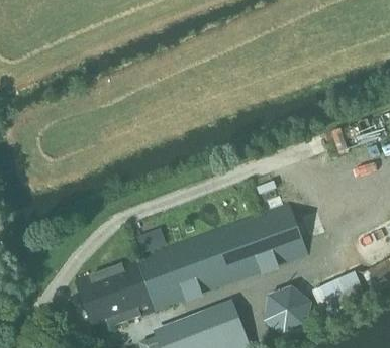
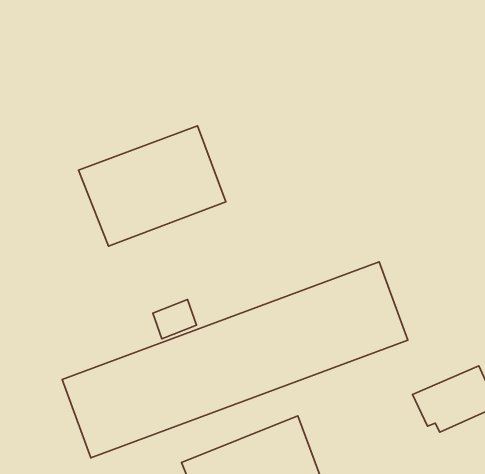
building: none -> [78,126,226,246]
building: [264,284,310,337] -> none

